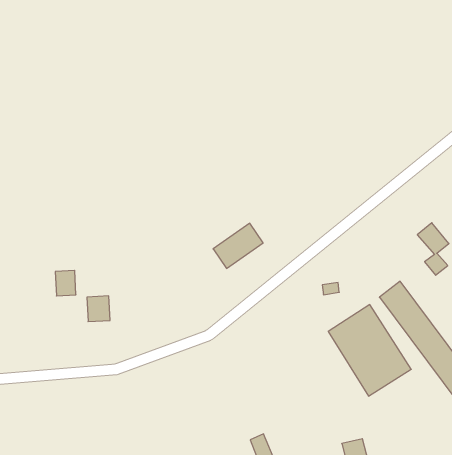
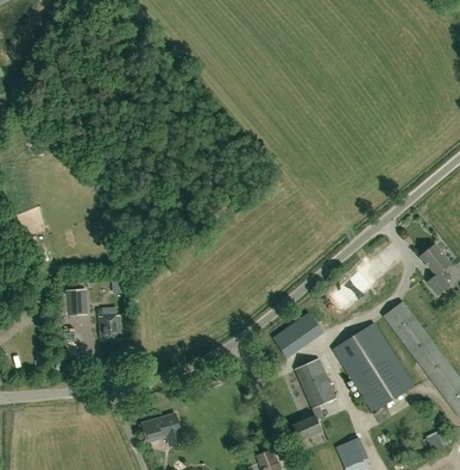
building: [213,223,263,268] -> [273,312,322,356]
building: none -> [294,357,336,439]
building: none -> [143,412,183,441]

